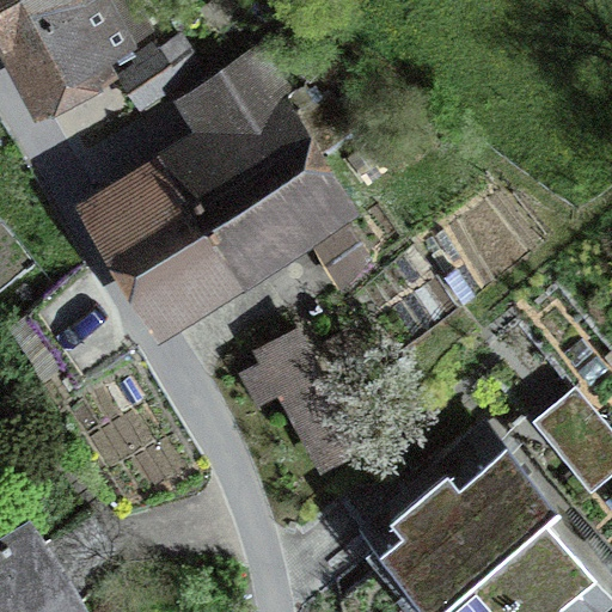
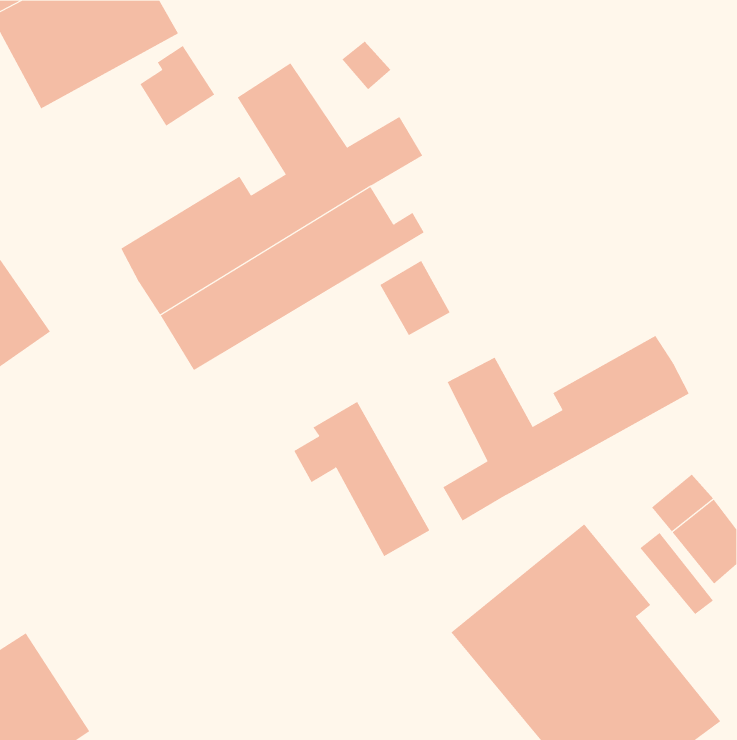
building: none -> [442,335,689,521]

